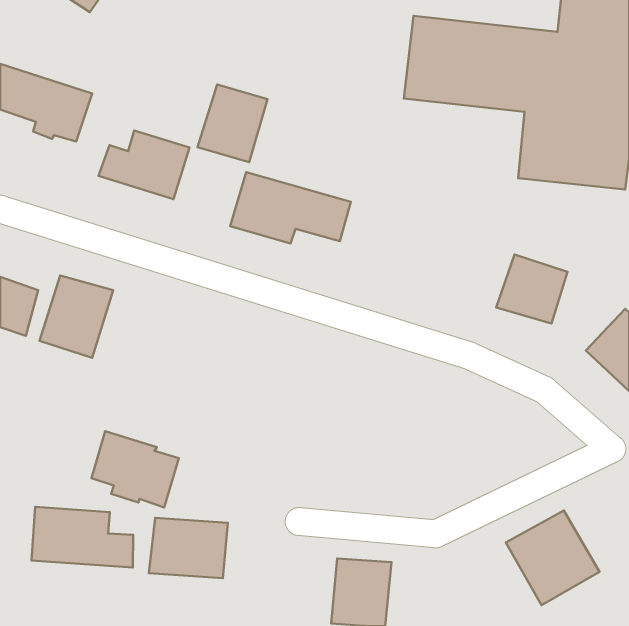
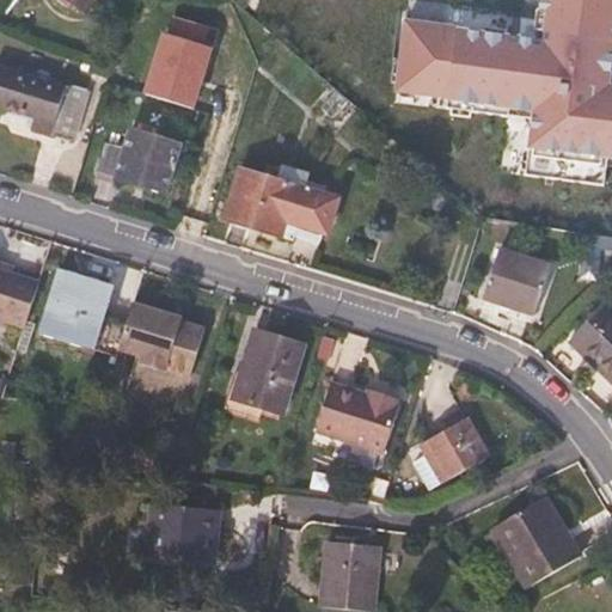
building: [197,85,268,162] -> [143,30,212,105]
building: none -> [233,328,306,412]
building: none -> [316,381,403,453]
building: [92,431,179,508] -> [116,301,201,375]
building: none -> [418,428,472,484]
building: [31,507,133,568] -> none

